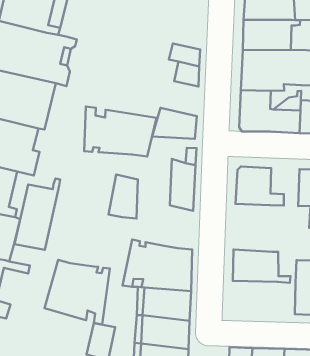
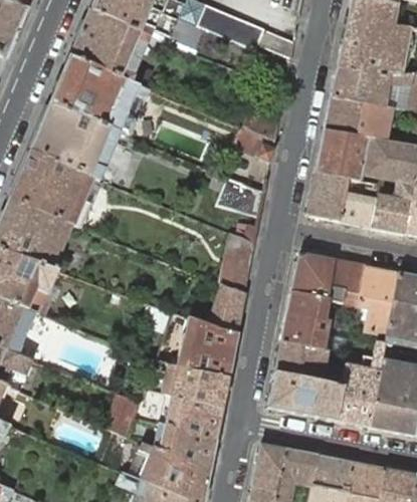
building: [84,107,157,157] -> none
building: none -> [331,260,366,305]
building: [108,175,138,218] -> [208,283,245,333]
building: [15,179,60,250] -> none
building: none -> [281,292,330,349]
building: [45,260,110,325] -> none
building: none -> [268,373,342,420]

